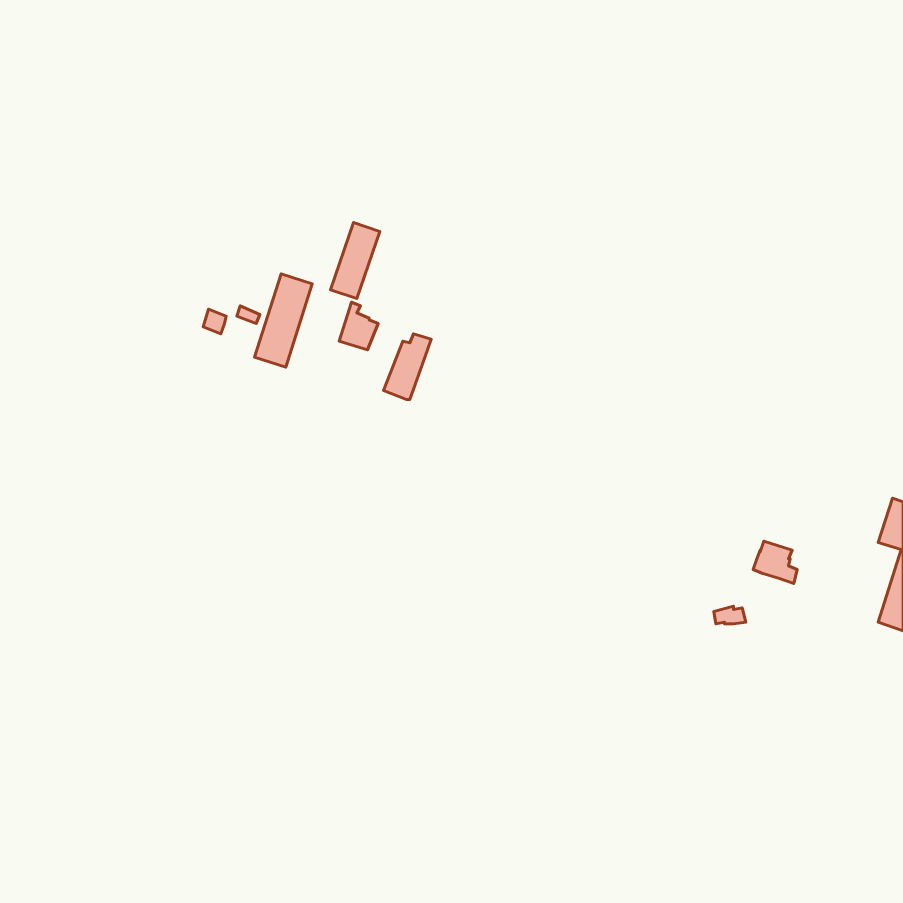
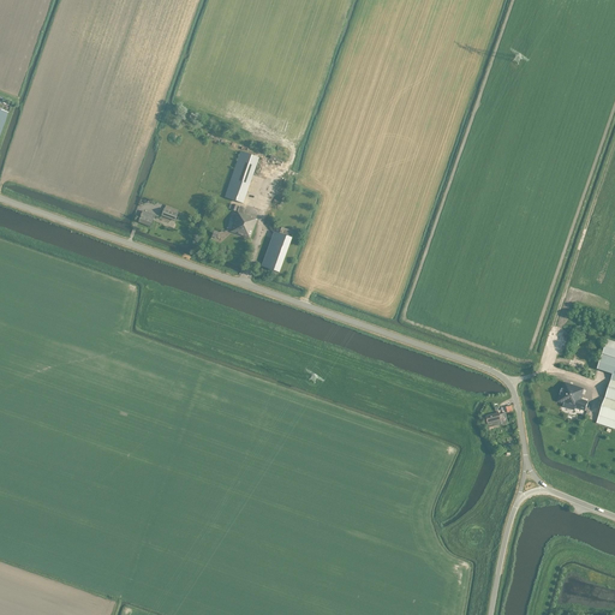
building: [255,274,312,367] -> none
building: [753,541,797,584] -> [557,382,587,411]

